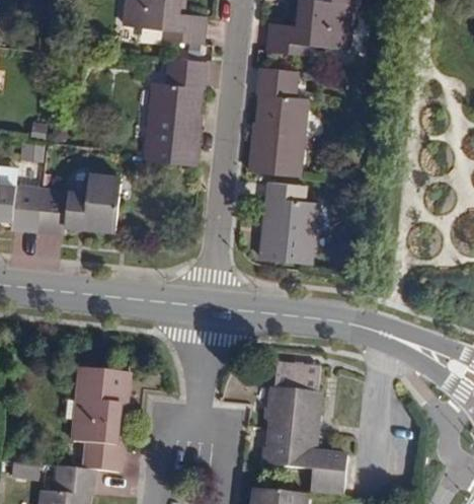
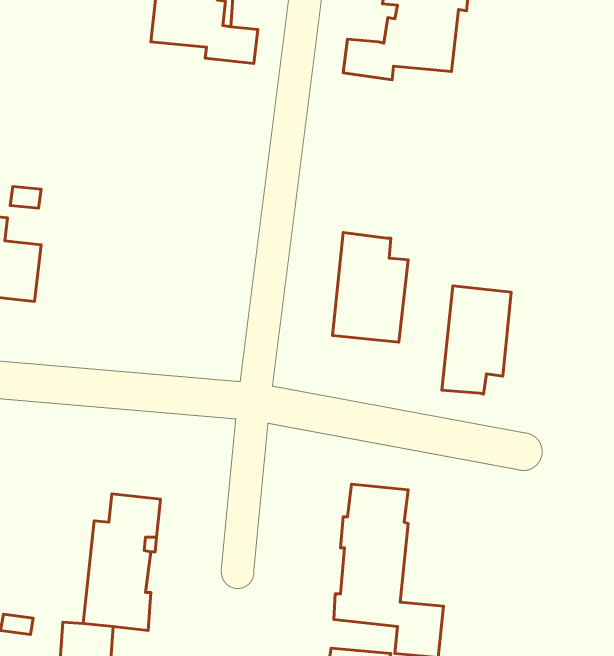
building: [144,58,205,168] -> none
building: [250,68,308,179] -> none
building: [36,172,120,230] -> none
building: none -> [442,286,511,394]

